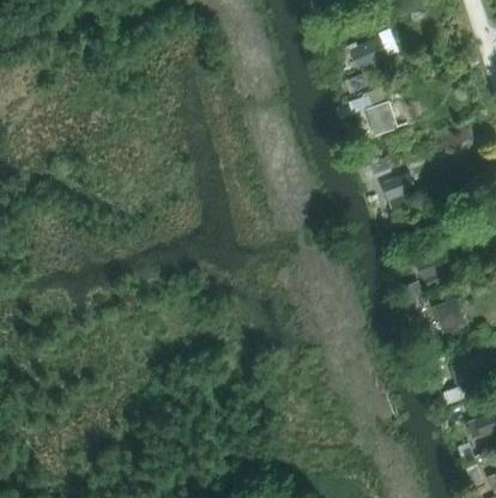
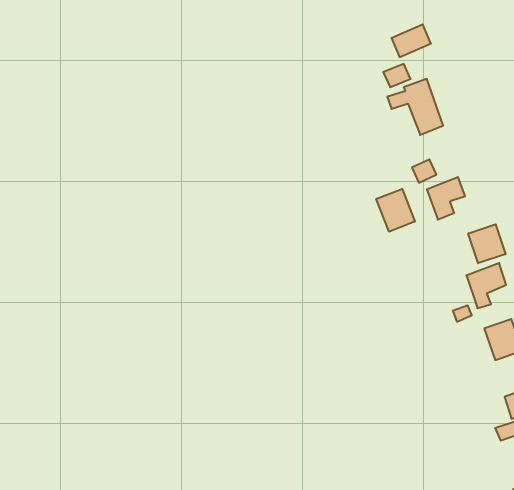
building: none -> [376,189,415,232]
building: none -> [468,224,506,263]

